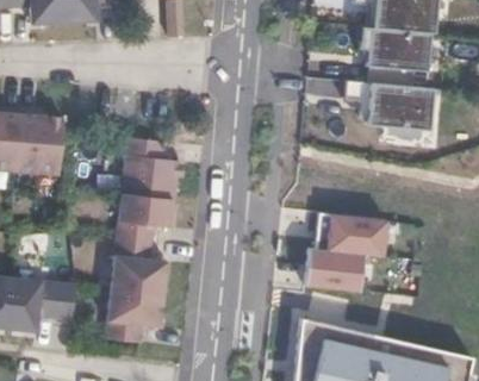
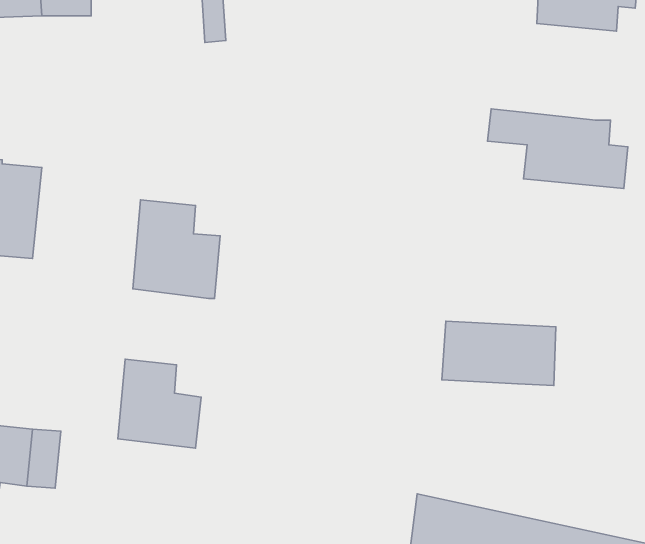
building: [367,26,431,87] -> none
building: [117,193,169,241] -> none
building: [306,249,363,291] -> none
building: [107,287,161,346] -> none

